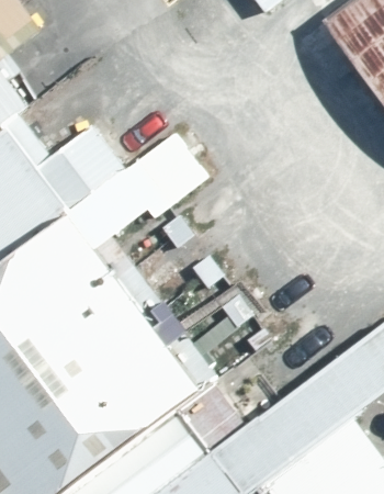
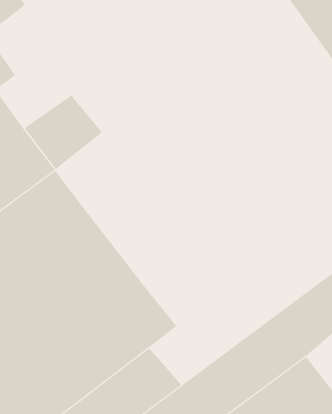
building: [74,132,210,244] -> none

